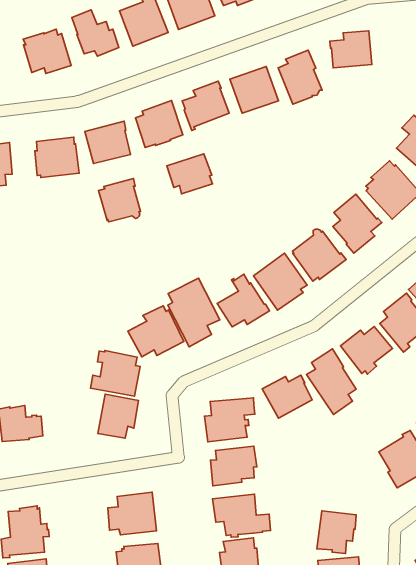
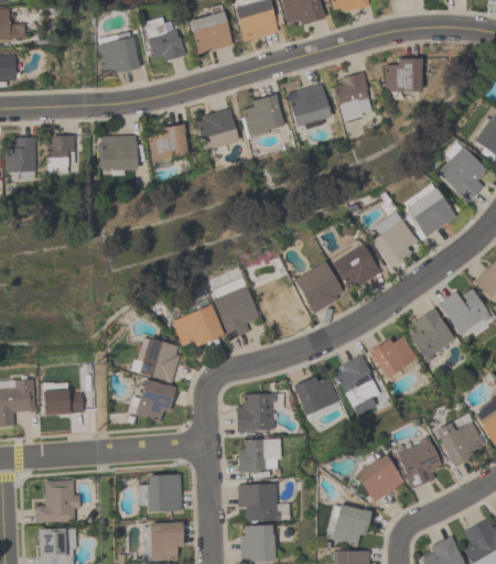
building: [167,154,213,194] -> none
building: [99,179,140,222] -> none
building: none -> [355,454,406,502]

